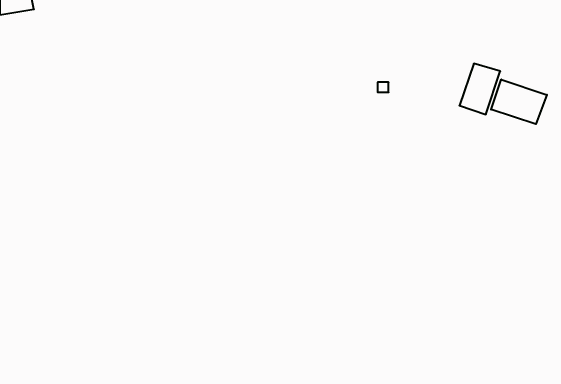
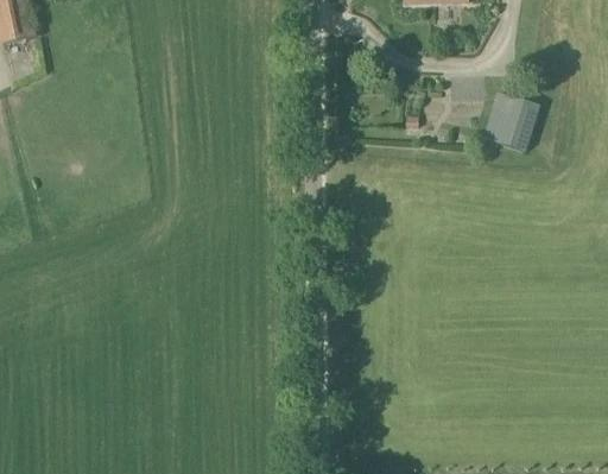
building: [491,79,547,124] -> none

